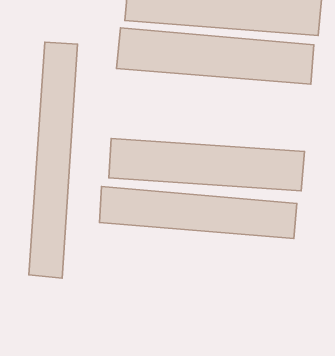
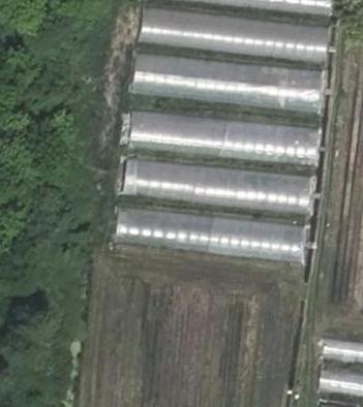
building: [29,42,78,278] -> none
building: none -> [129,108,321,164]

